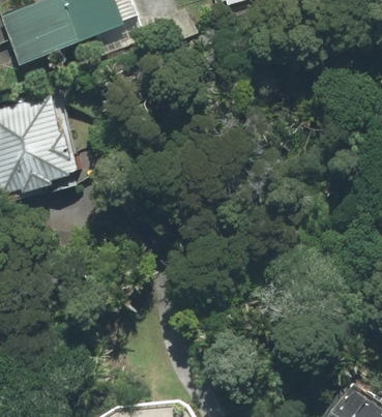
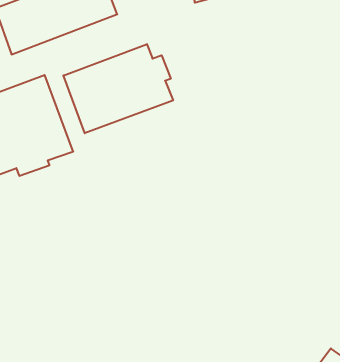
building: none -> [63,44,173,133]

